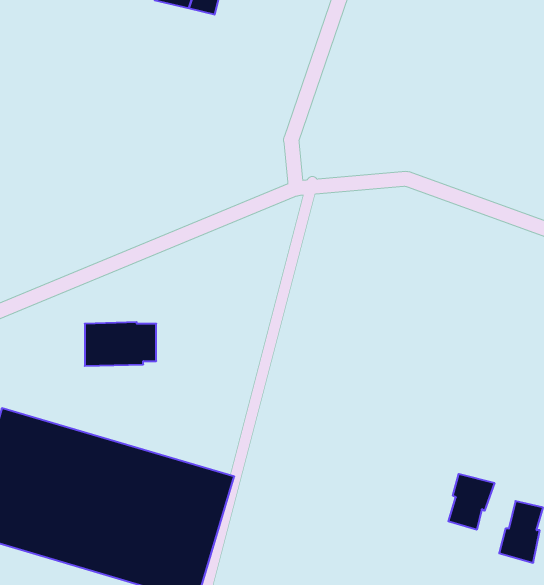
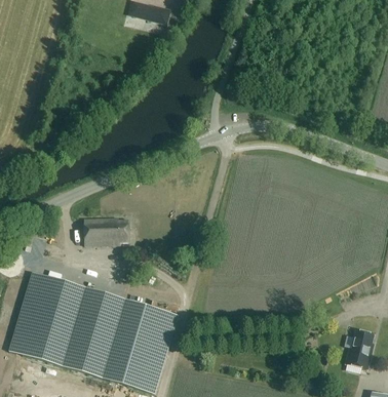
building: [448,474,494,530] -> none

